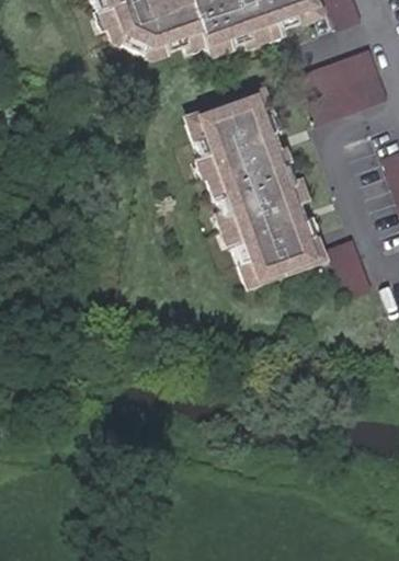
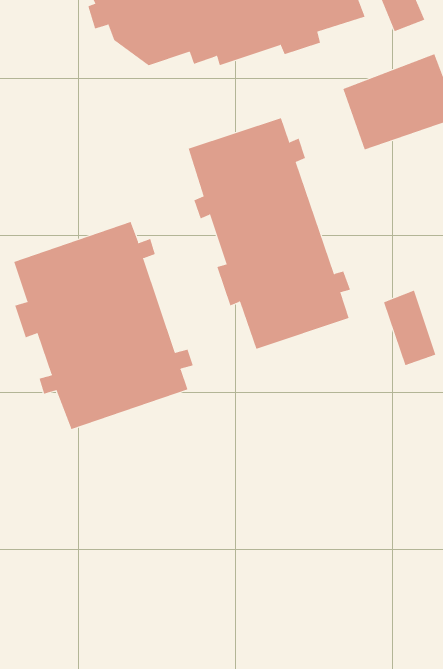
building: none -> [14,221,194,430]

